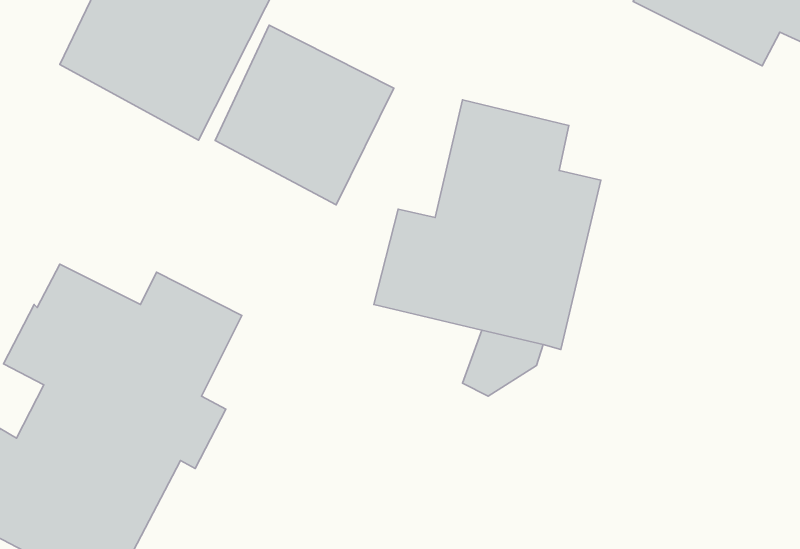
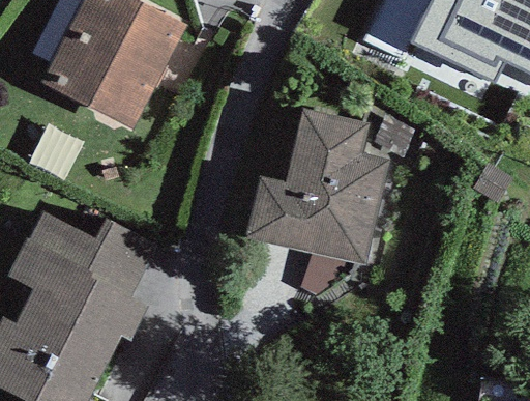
building: [215,25,394,205] -> none

